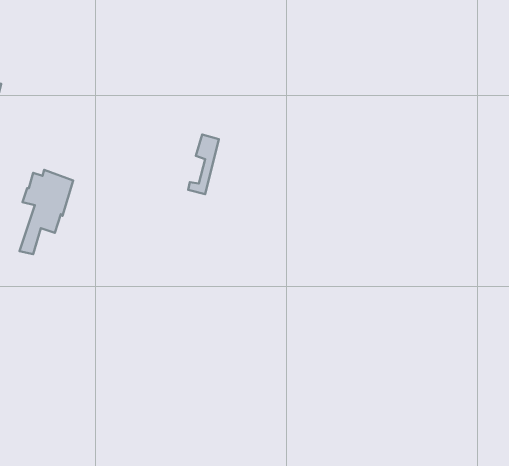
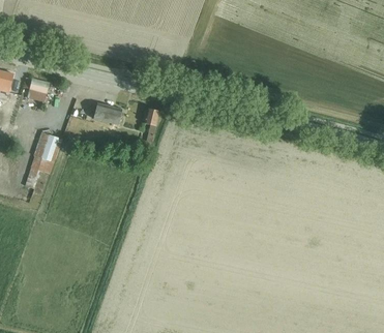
building: none -> [24,78,50,101]
building: none -> [93,102,122,125]

